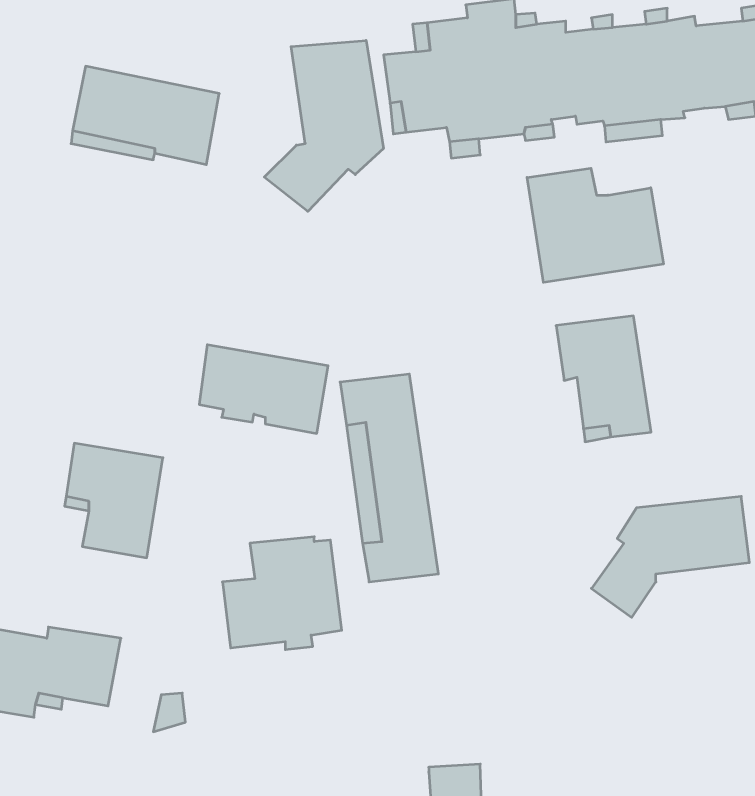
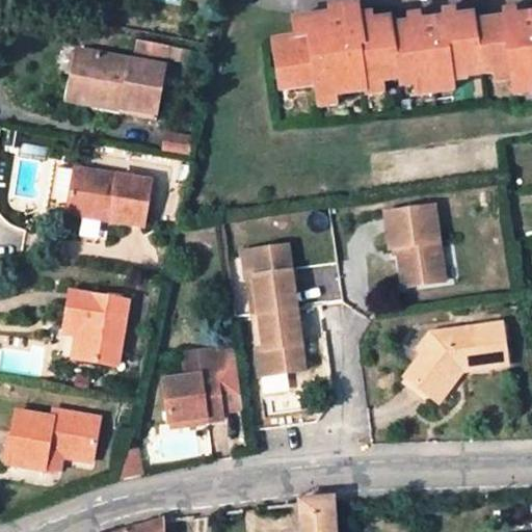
building: [264,40,383,211] -> none
building: [527,168,663,282] -> none
building: [199,345,328,433] -> [70,165,153,222]

